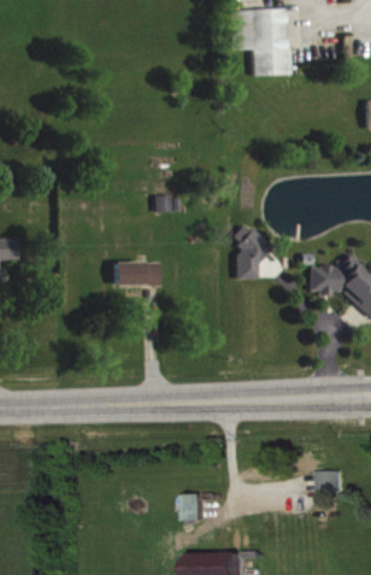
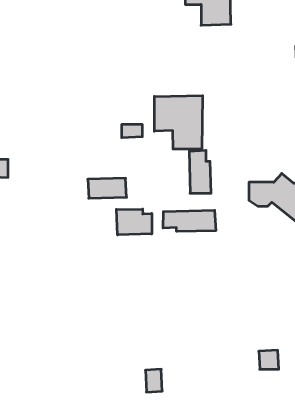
building: none -> [154,96,203,149]
building: none -> [116,209,152,235]
building: none -> [163,210,216,231]

